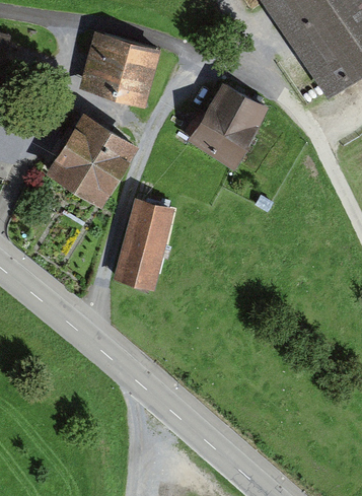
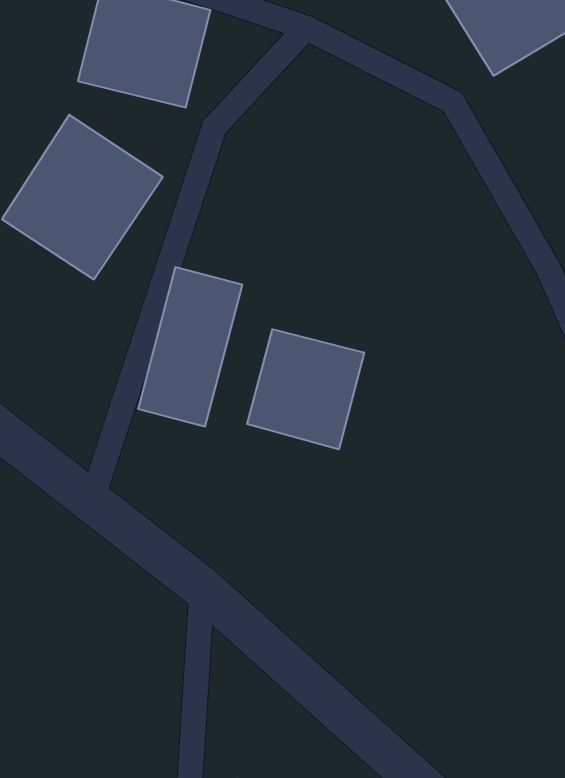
building: [188,82,268,164] -> none
building: none -> [247,329,364,449]

